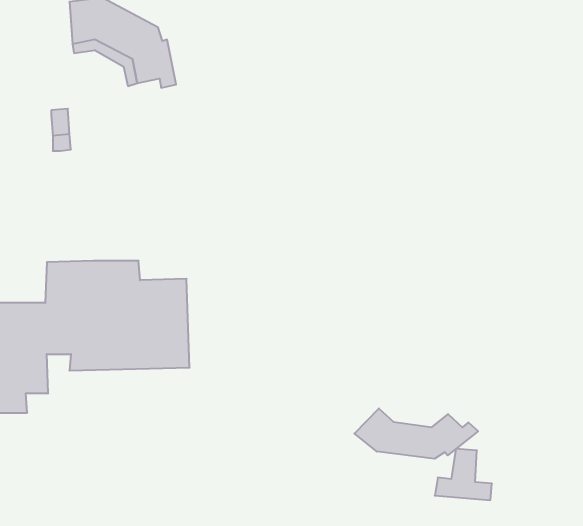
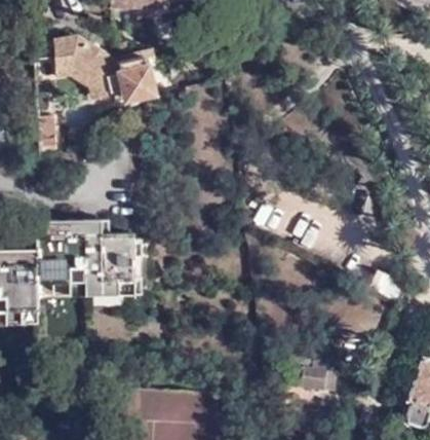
building: none -> [117,54,151,99]
building: [354,408,478,459] -> none

